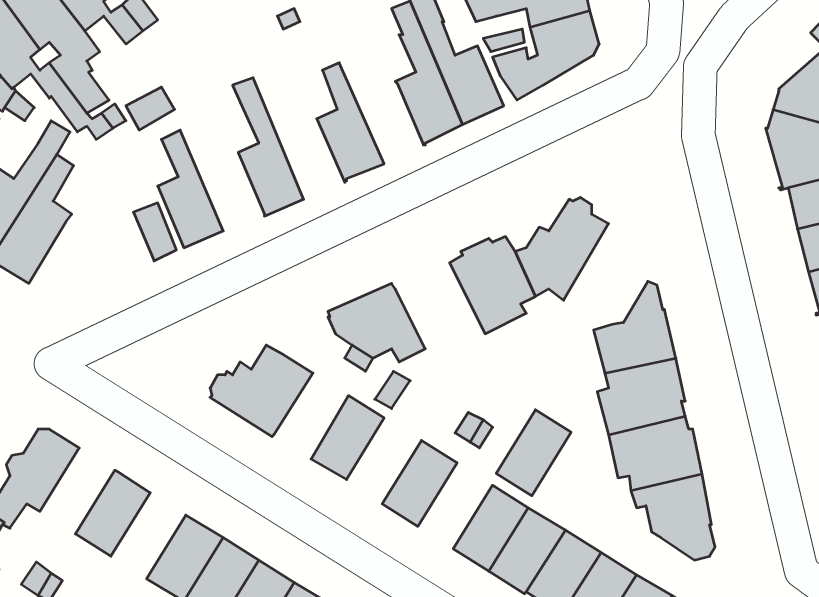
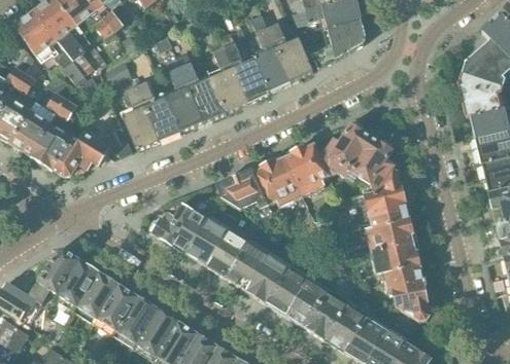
building: none -> [223,43,269,103]
building: none -> [175,50,226,122]
building: none -> [135,80,181,140]
building: none -> [52,125,109,176]
building: none -> [346,136,396,191]
building: none -> [253,157,303,208]
building: none -> [186,218,228,265]
building: [496,410,571,496] -> [266,267,307,315]
building: none -> [227,243,268,290]
building: none -> [58,259,99,306]
building: none -> [97,284,138,331]

